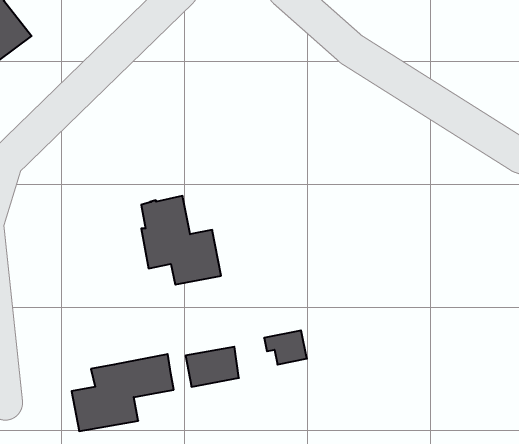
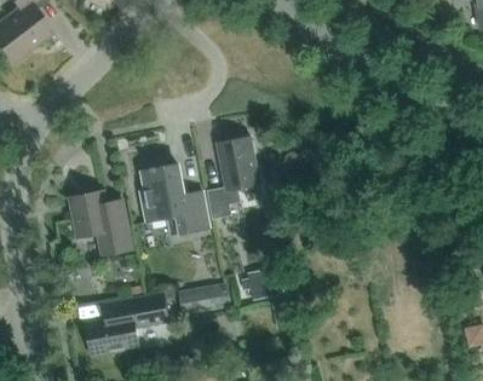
building: none -> [207,137,260,219]
building: none -> [71,190,132,255]

